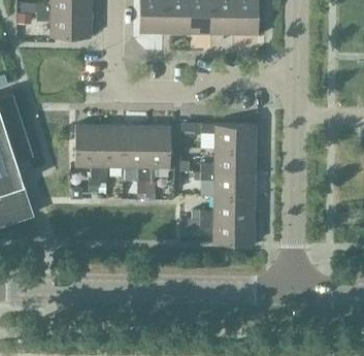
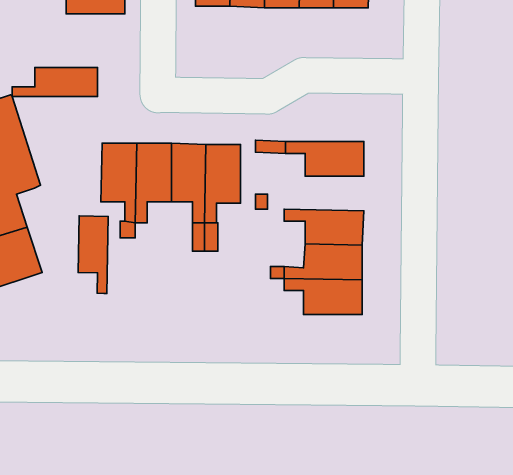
building: none -> [12,67,98,96]
building: [200,149,255,172] -> none
building: none -> [78,216,108,293]

